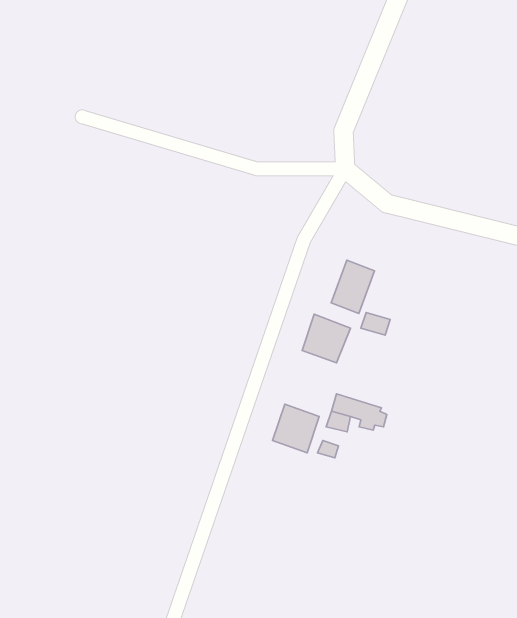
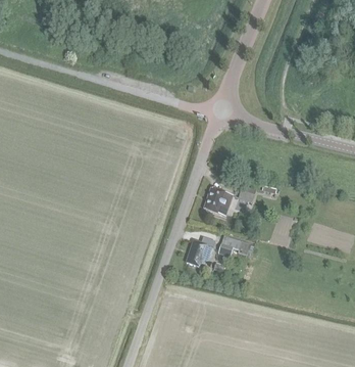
building: [331,260,375,313] -> none

